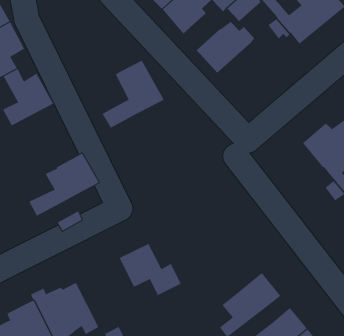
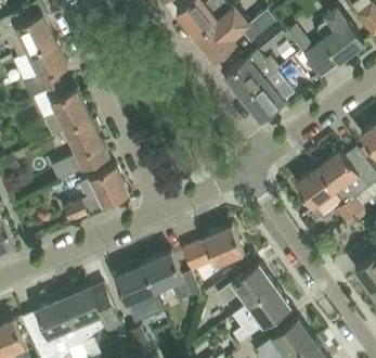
building: none -> [241,72,295,120]
building: [102,60,164,129] -> [51,118,109,180]
building: none -> [295,167,335,208]
building: none -> [181,226,248,271]
building: none -> [217,264,274,304]
building: none -> [114,264,163,322]

